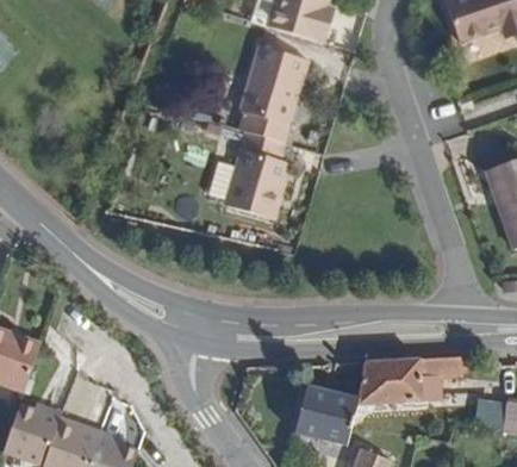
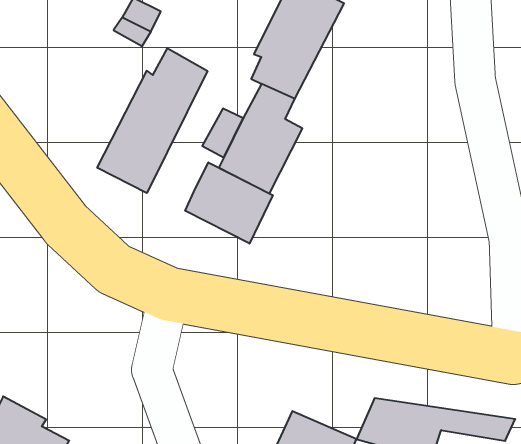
building: none -> [97,48,207,193]
building: none -> [185,162,273,244]

